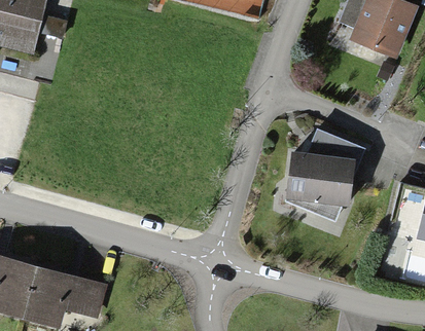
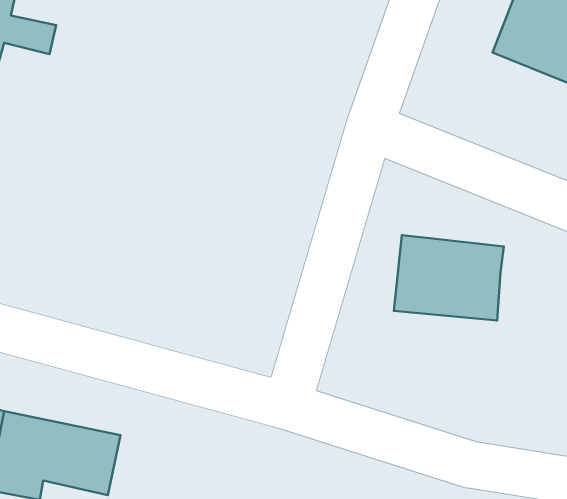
building: [306,133,363,180] -> none

